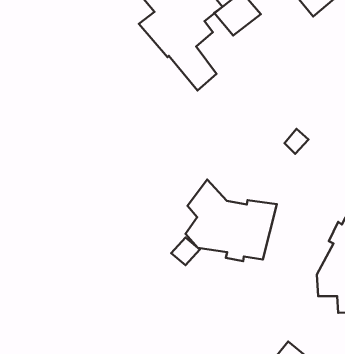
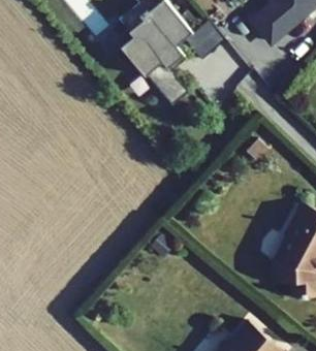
building: [185,179,277,261] -> none

